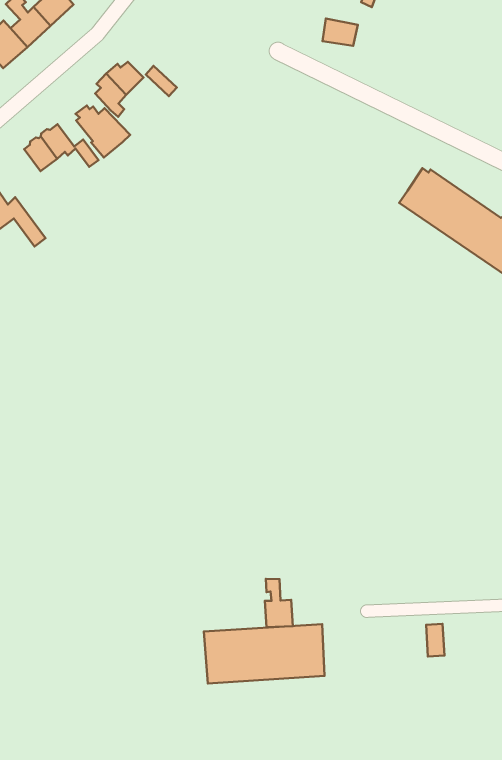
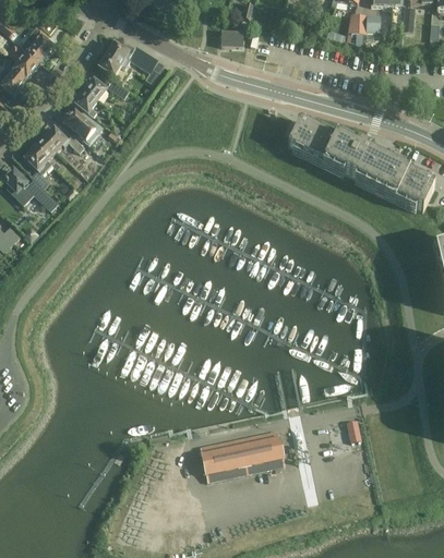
building: none -> [99,41,161,87]
building: none -> [25,145,52,187]
building: [265,579,293,627] -> none

